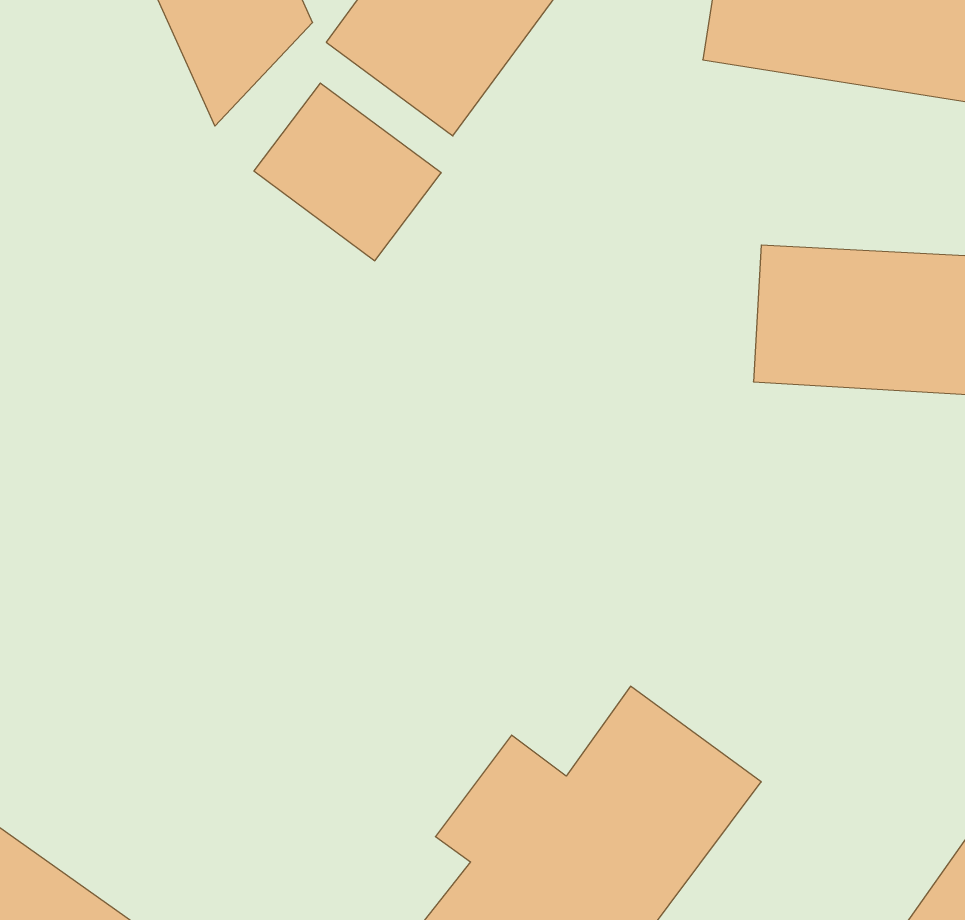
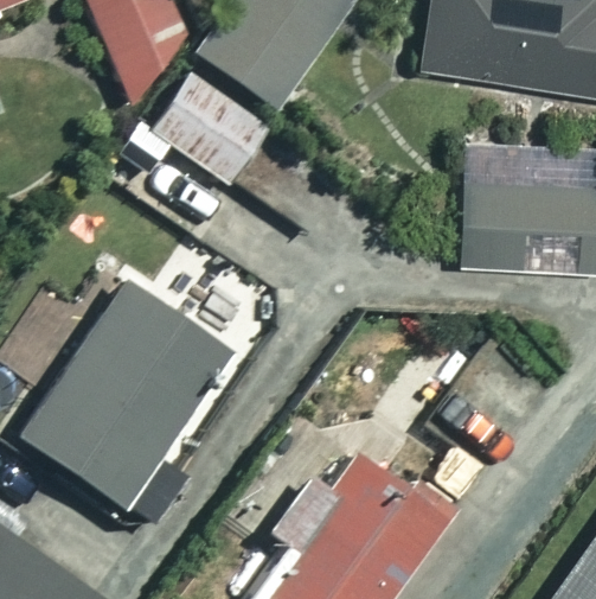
building: none -> [21,280,235,521]

